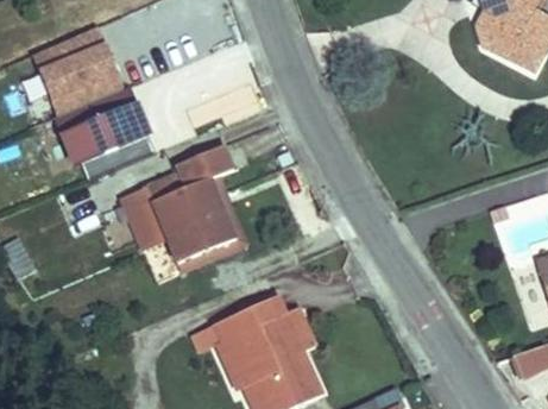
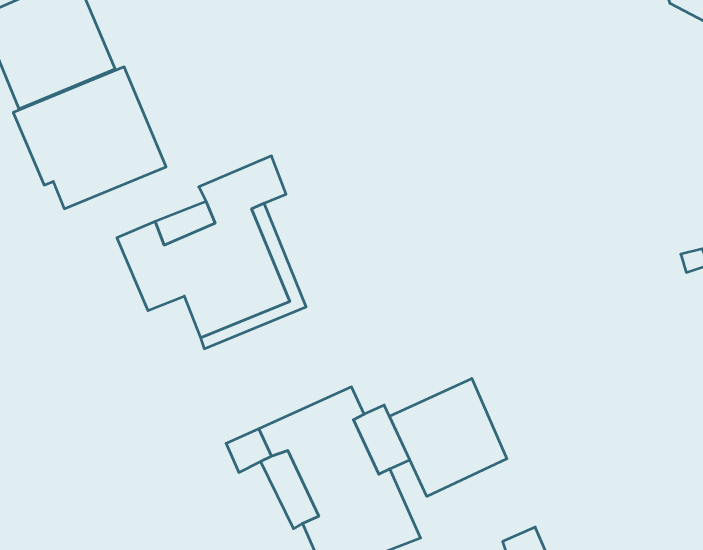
building: none -> [389,378,507,496]

